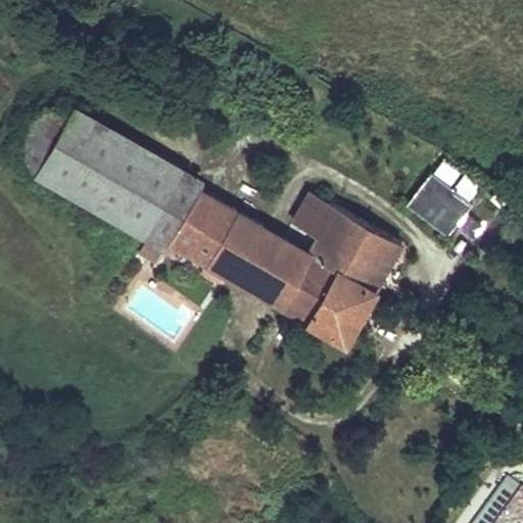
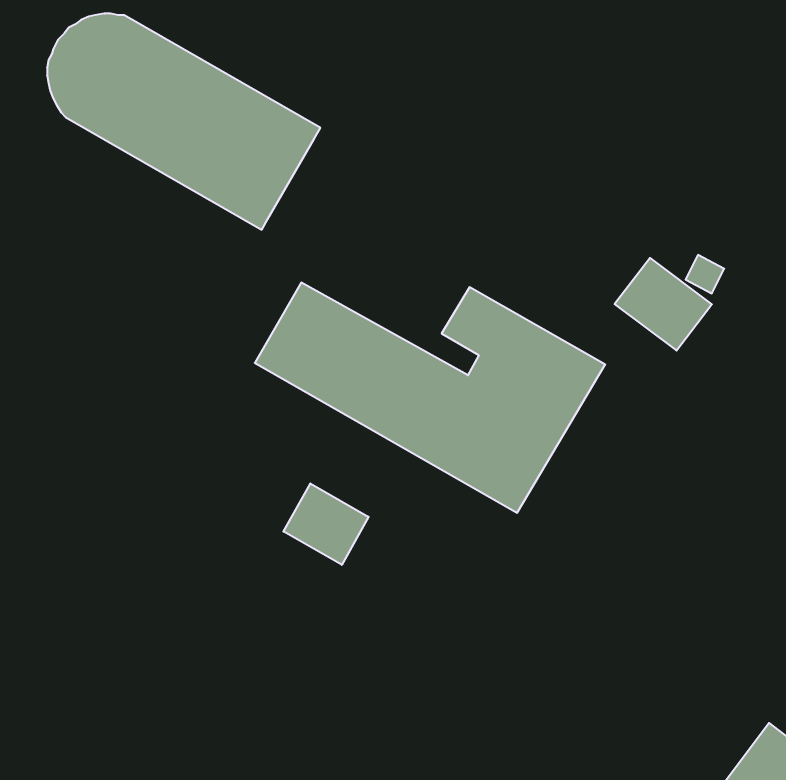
building: [25,110,205,253] -> [47,14,320,230]
building: none -> [283,483,369,565]

